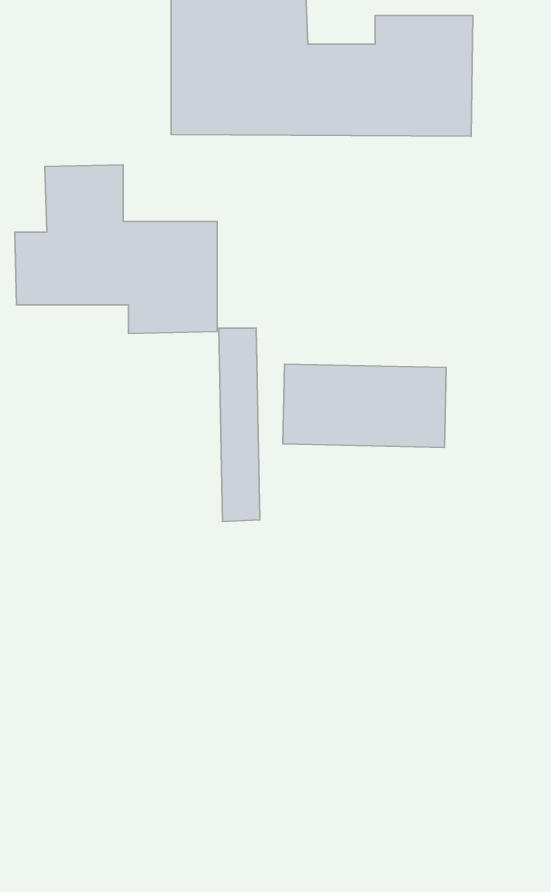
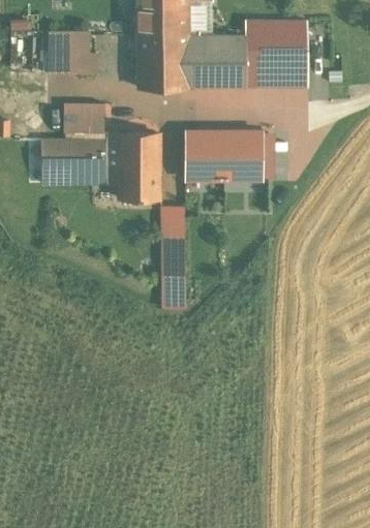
building: none -> [47,33,94,76]
building: [283,364,446,448] -> [186,131,281,180]

